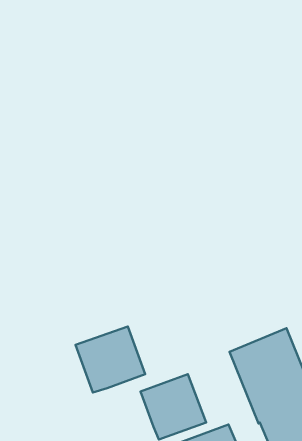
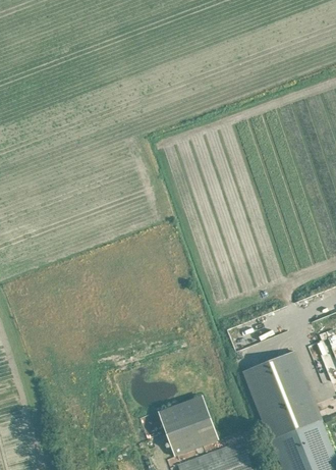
building: [75,327,145,393] -> none

